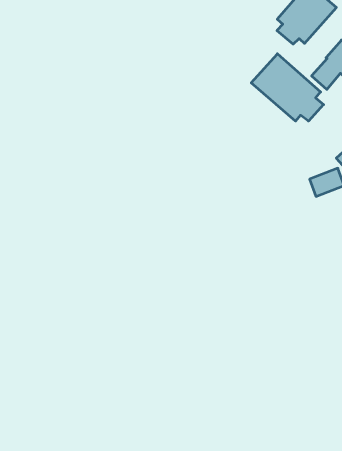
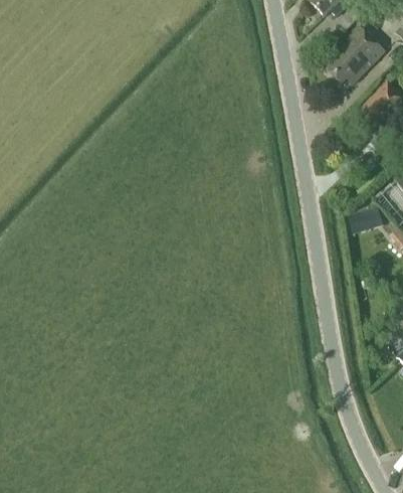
building: [251,54,324,121] -> none

